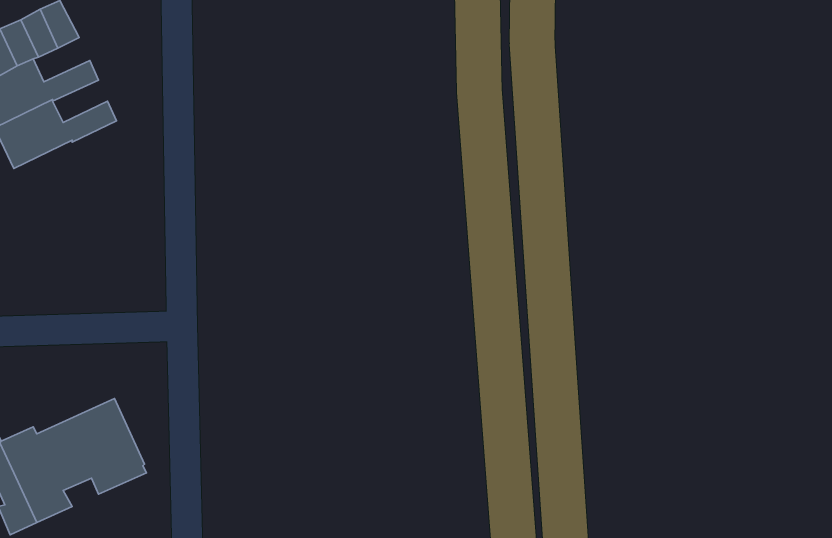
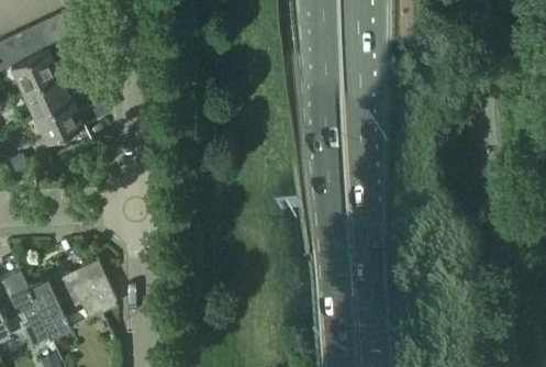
building: none -> [34,100,110,143]

